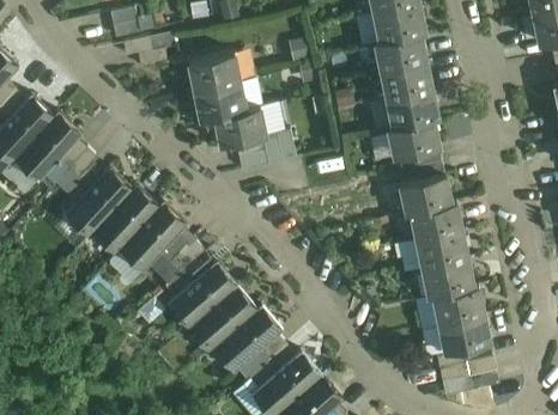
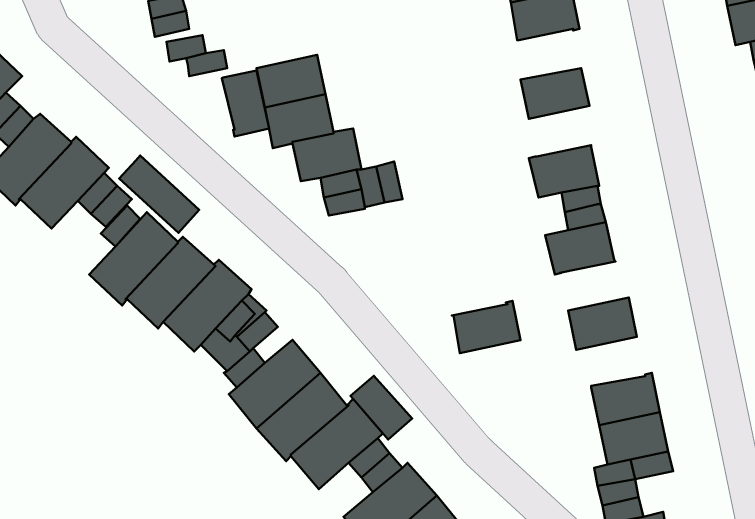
building: [376,35,426,72] -> none
building: none -> [222,71,269,136]
building: [388,91,438,128] -> none
building: none -> [119,156,199,233]
building: [411,202,461,240] -> [452,301,521,353]
building: [423,260,473,298] -> none
building: none -> [350,376,412,439]

